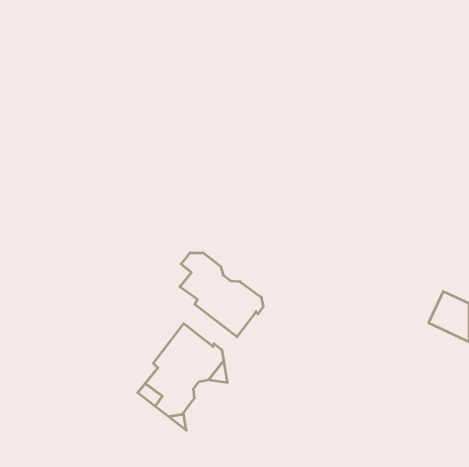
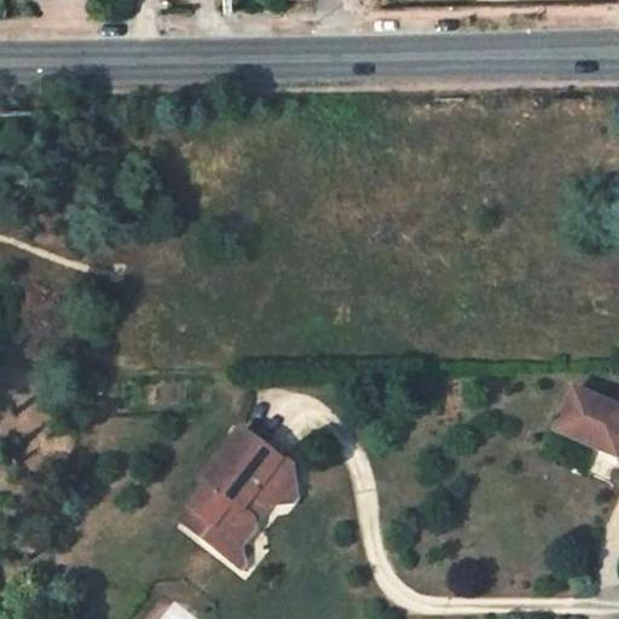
building: [180,253,263,337] -> none

